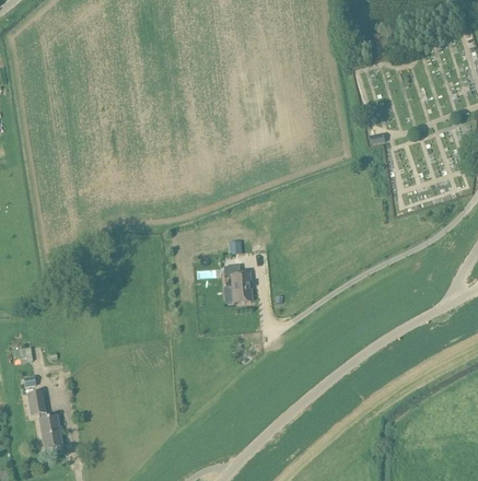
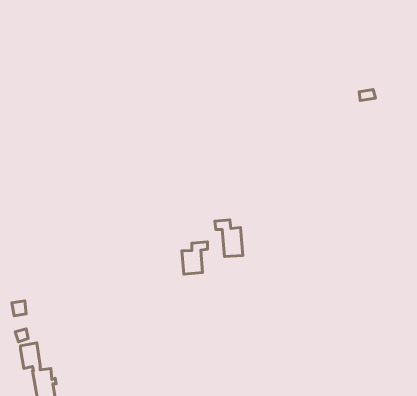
building: none -> [182,242,208,274]

